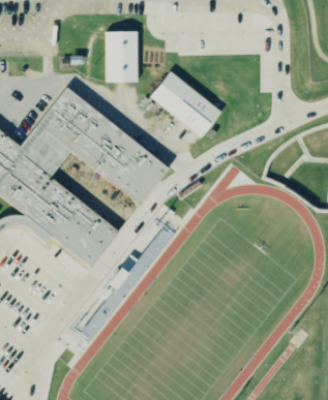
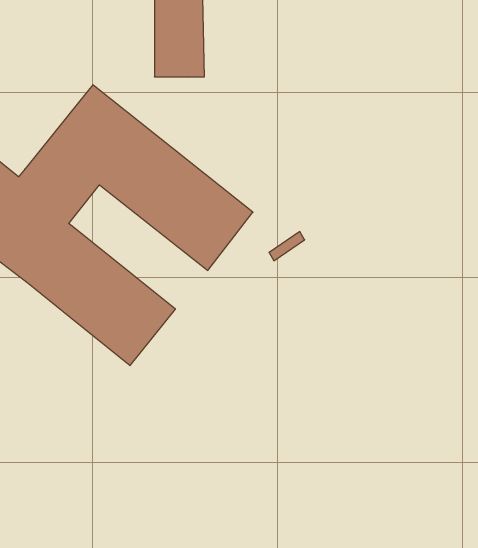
building: [151,71,222,137] -> none

